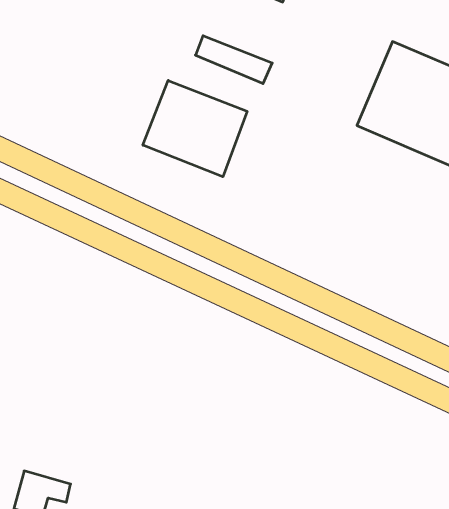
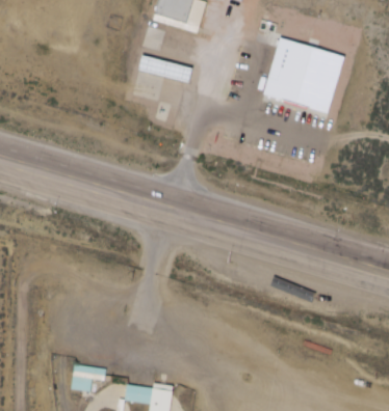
building: [143,80,247,177] -> none

